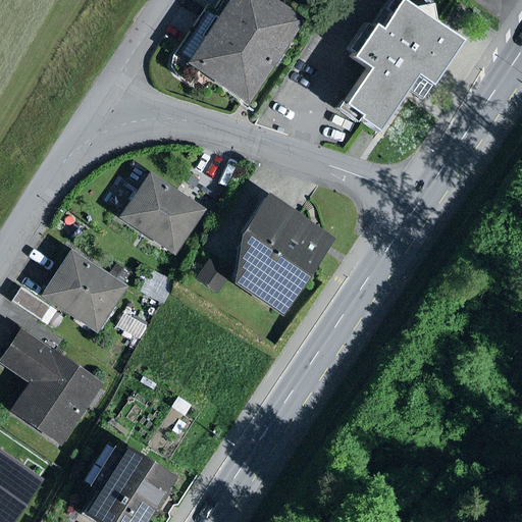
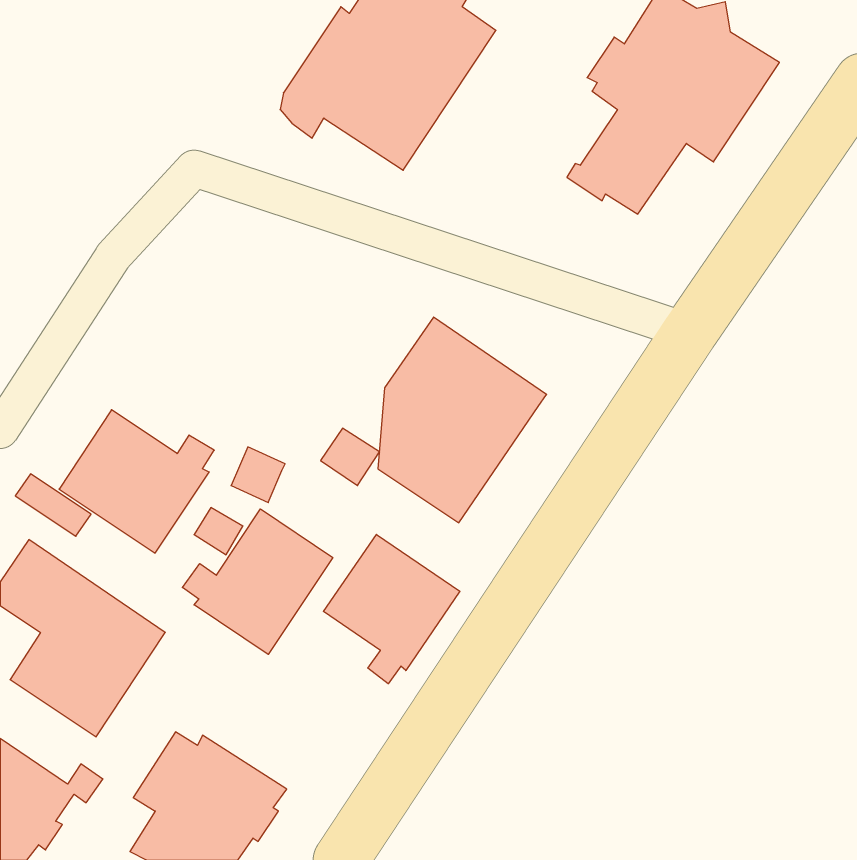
building: [117,171,207,257] -> none
building: none -> [182,509,333,654]
building: none -> [323,534,460,684]

